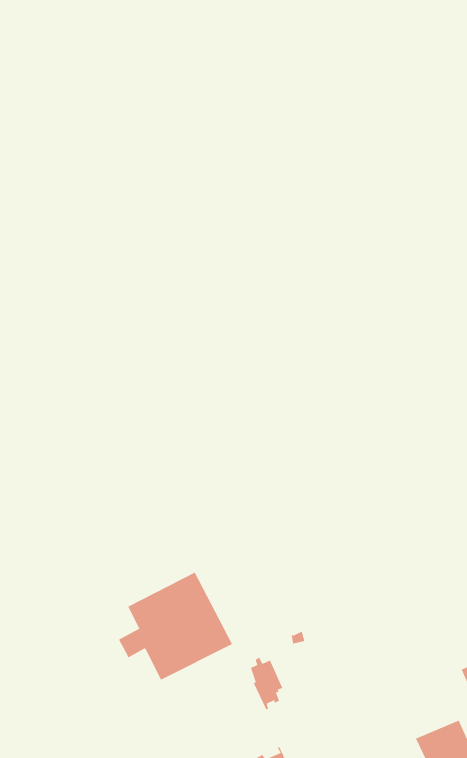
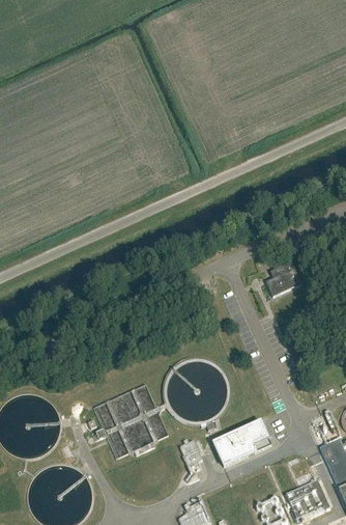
building: none -> [266,260,302,296]
building: none -> [213,421,268,466]

